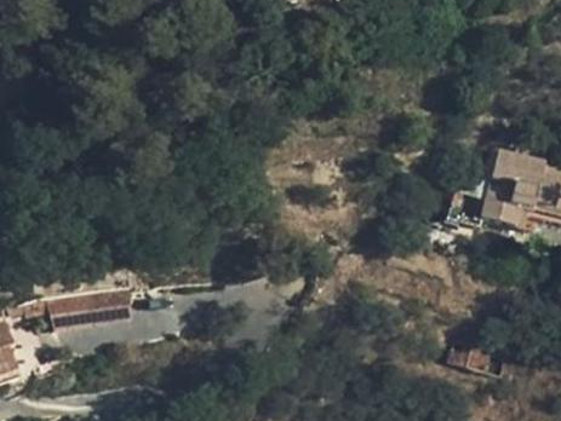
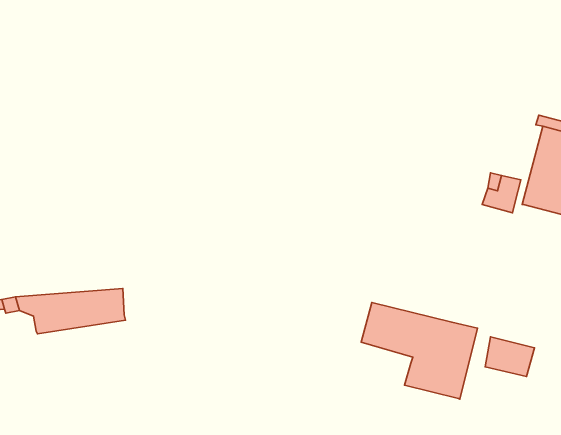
building: none -> [361,302,478,399]

